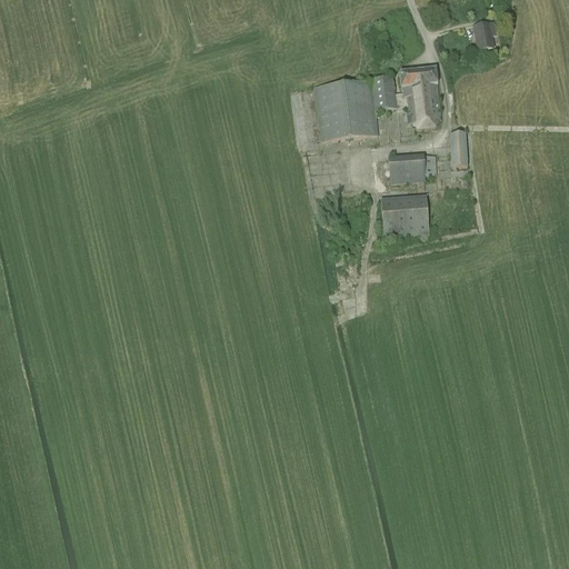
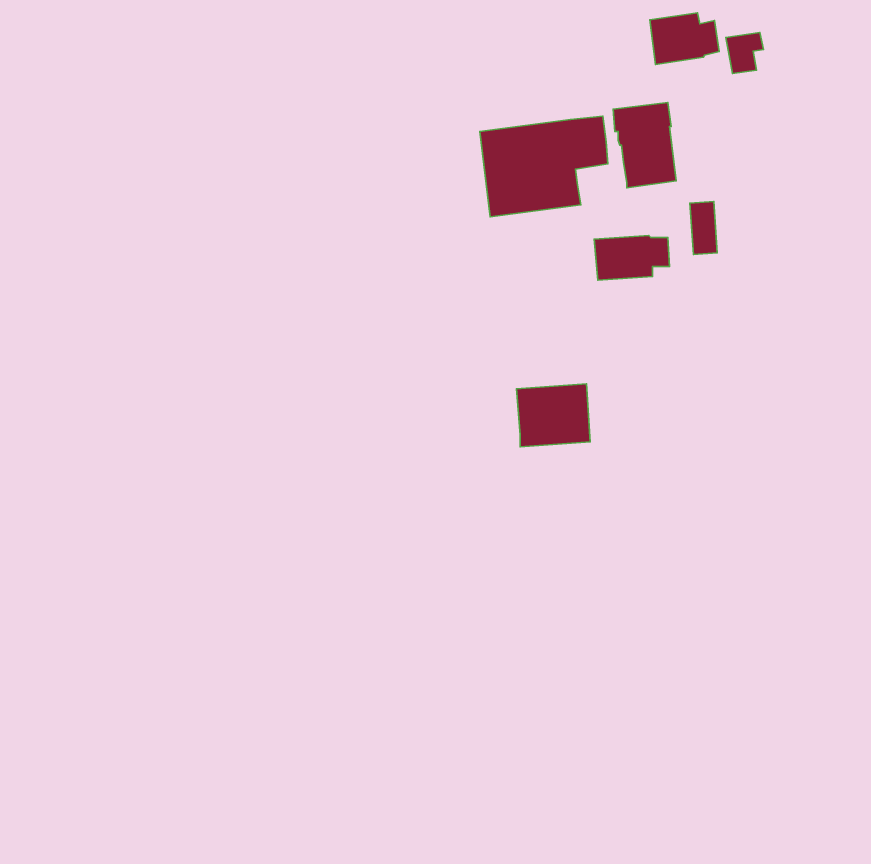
building: none -> [650,13,719,64]
building: [381,194,429,236] -> [517,384,590,447]

